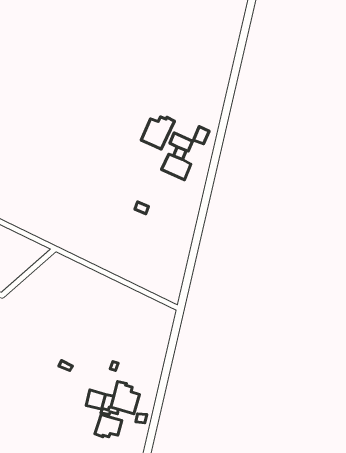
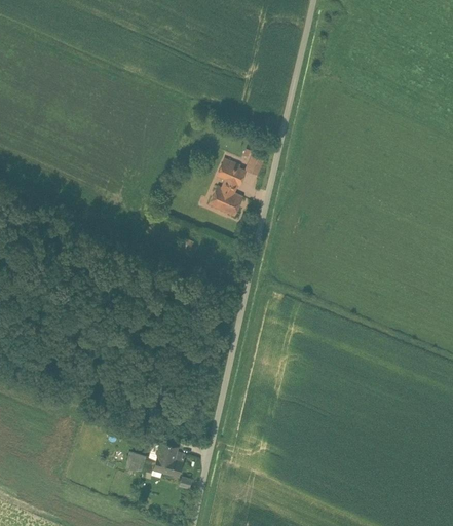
building: [141,117,174,149] -> none
building: [95,415,122,437] -> none

